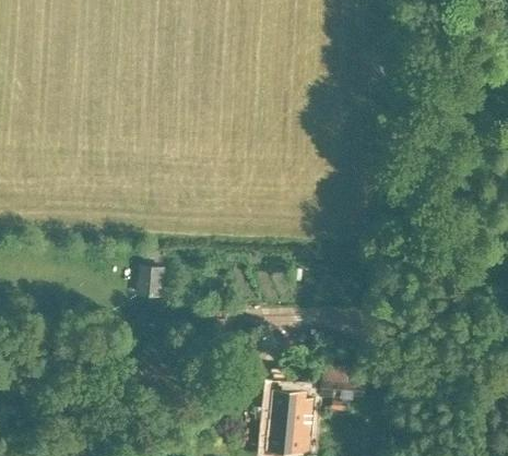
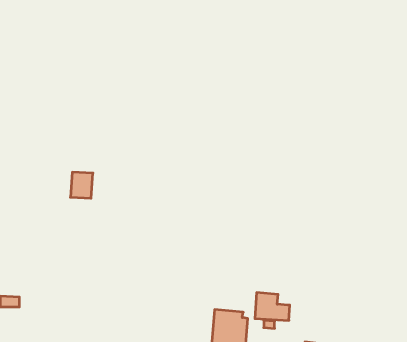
building: [137,266,164,298] -> [70,172,93,198]

